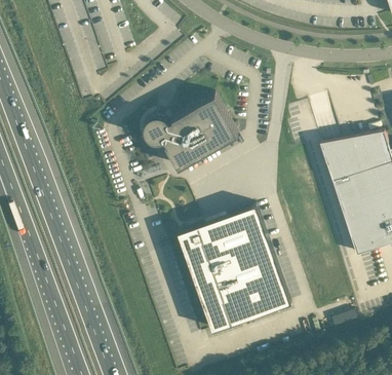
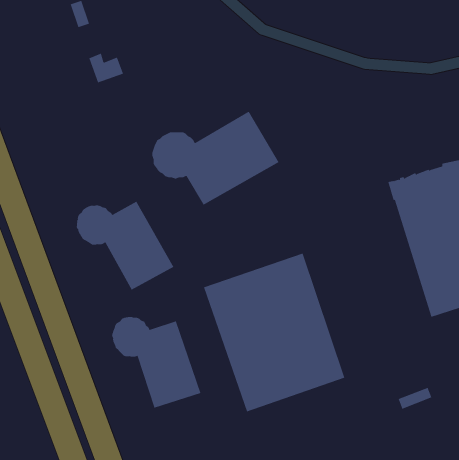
building: none -> [76,201,174,291]
building: none -> [112,316,201,409]

